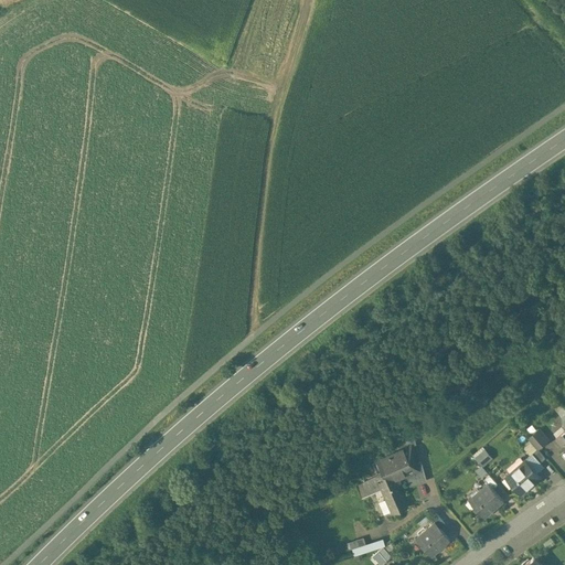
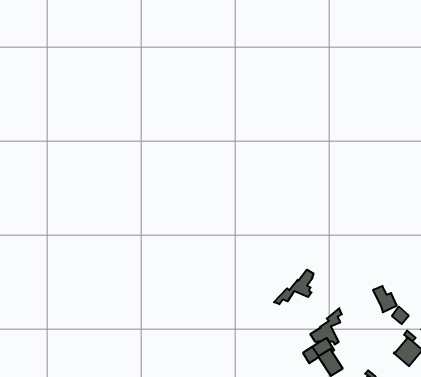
building: none -> [274,270,313,304]
building: [398,455,424,486] -> [373,286,397,312]

